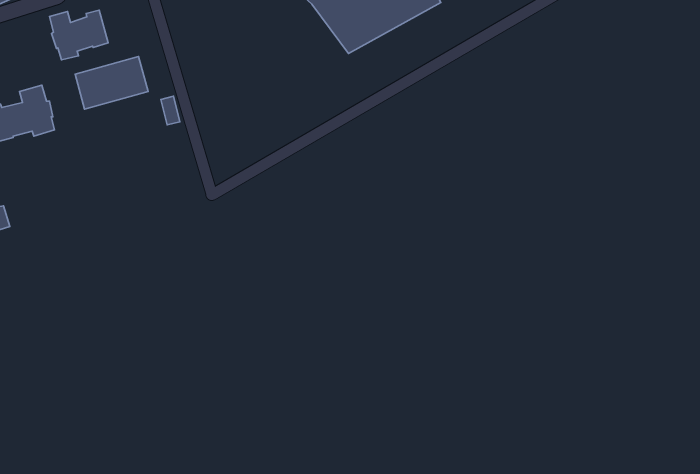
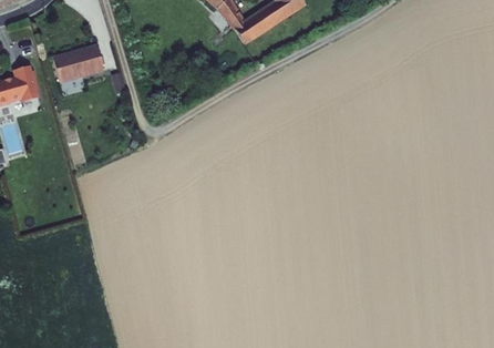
building: [49,10,108,60] -> none

